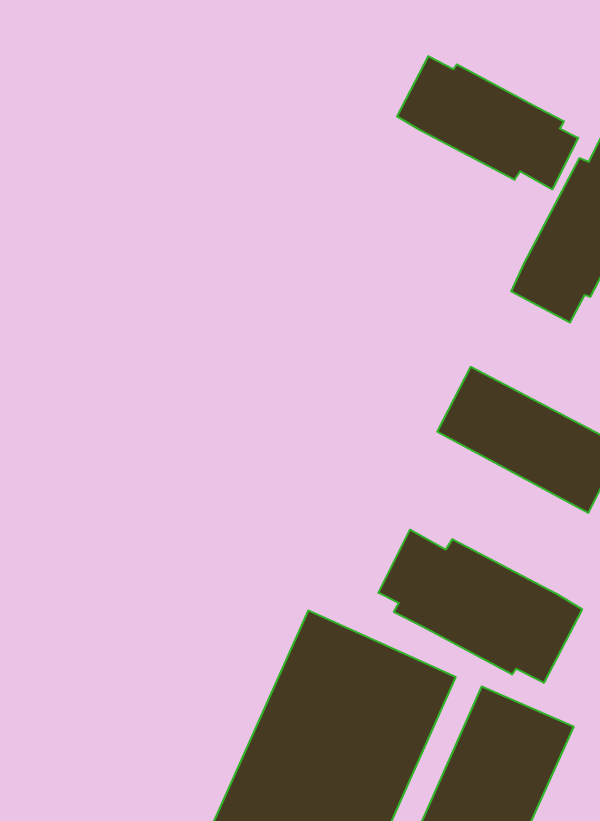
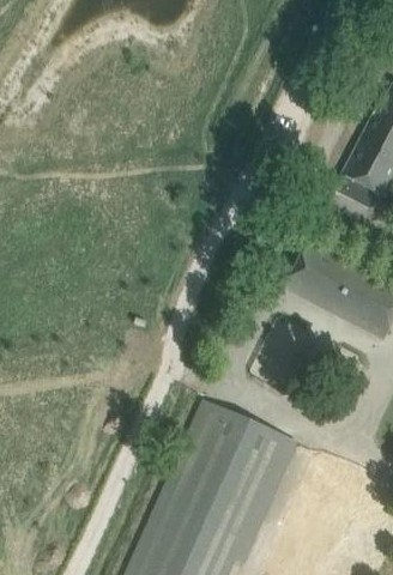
building: [397,56,578,189] -> none
building: [378,530,582,683] -> none

